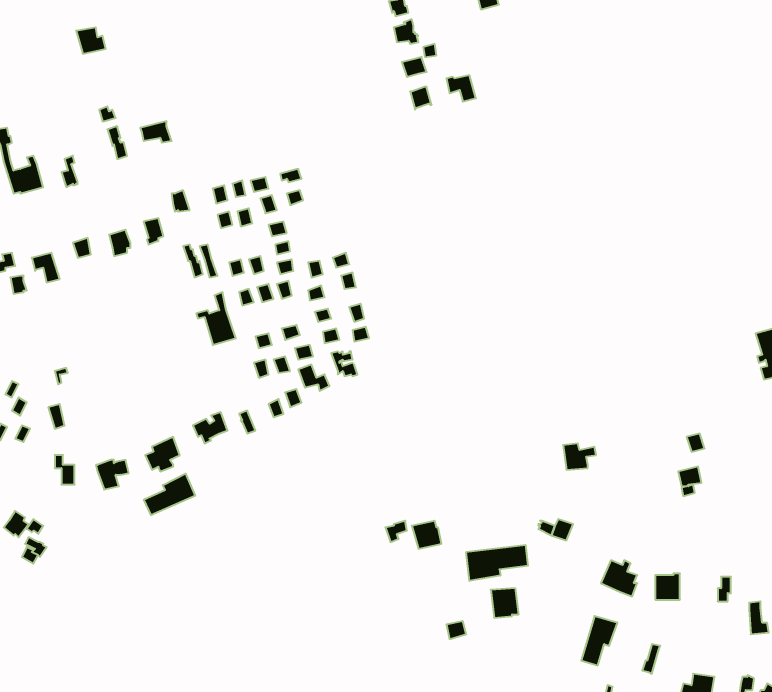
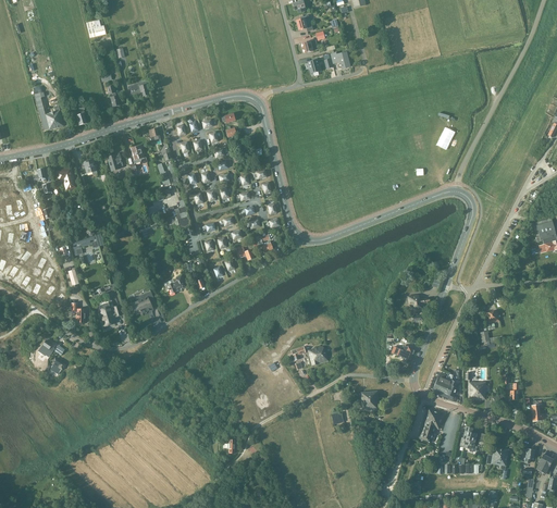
building: [144,474,195,515] -> none
building: [466,545,528,581] -> none

